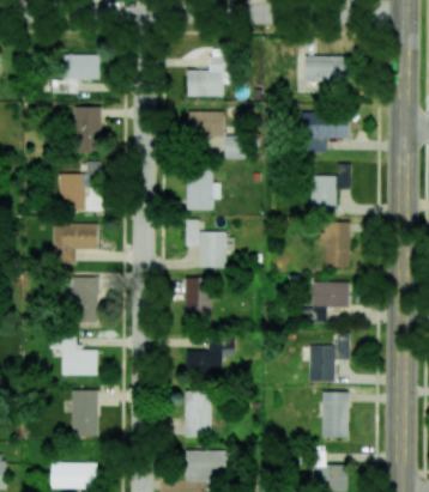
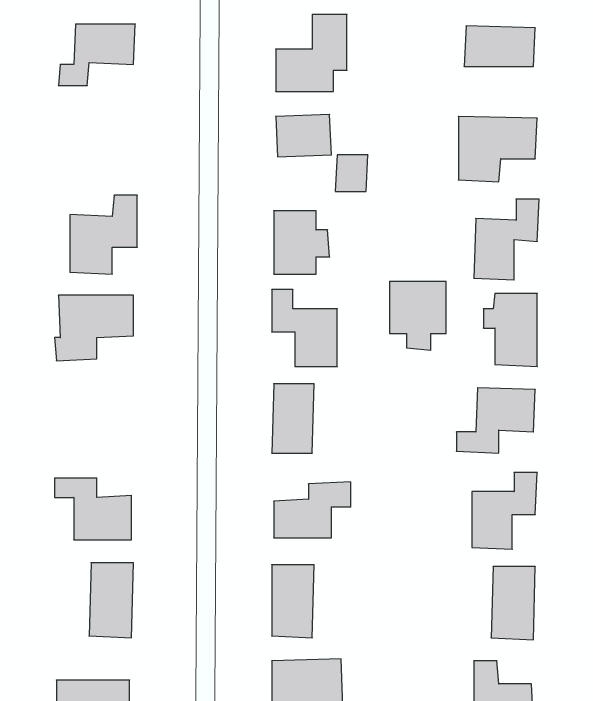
building: [73,105,101,152] -> none
building: none -> [390,281,446,350]
building: [71,275,98,322] -> none

